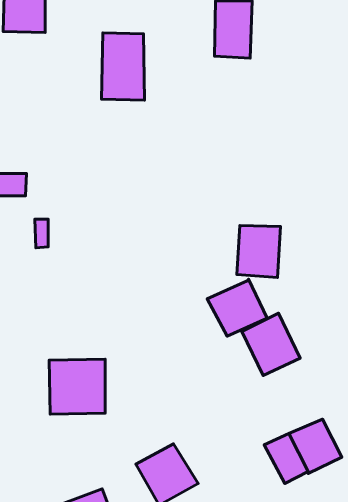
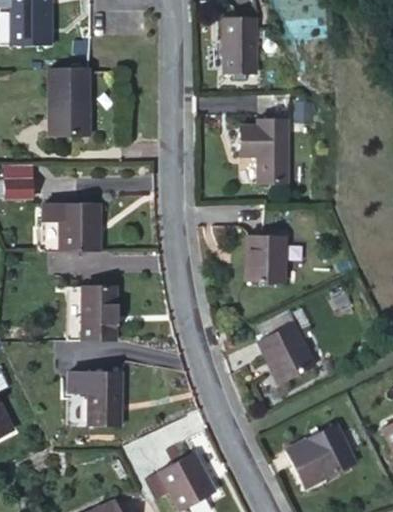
building: [102,33,145,100] -> [53,69,95,135]
building: none -> [241,122,292,189]
building: none -> [64,203,106,252]
building: none -> [80,285,118,339]
building: [207,279,267,336] -> none

